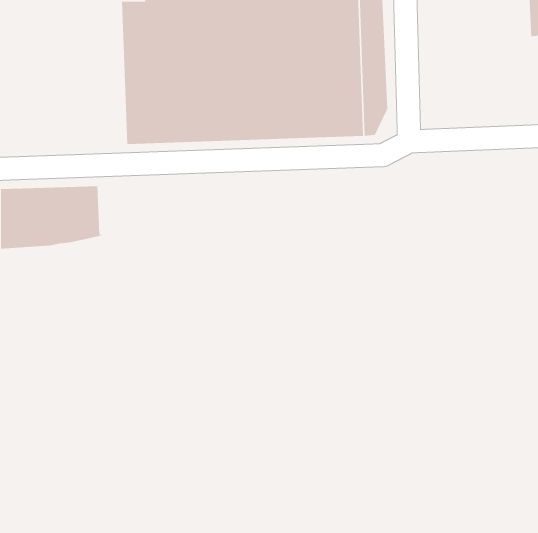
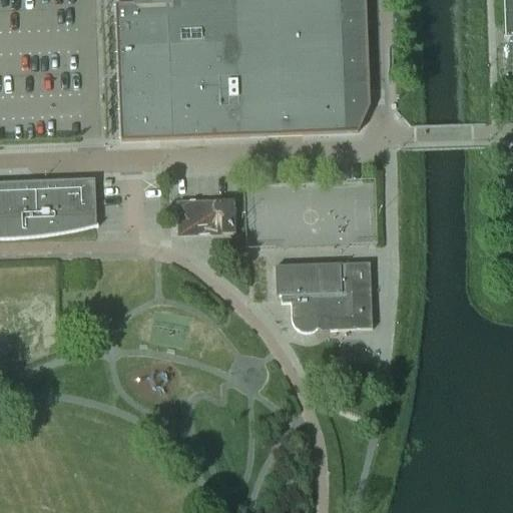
building: none -> [177,198,235,233]
building: none -> [276,261,373,331]

